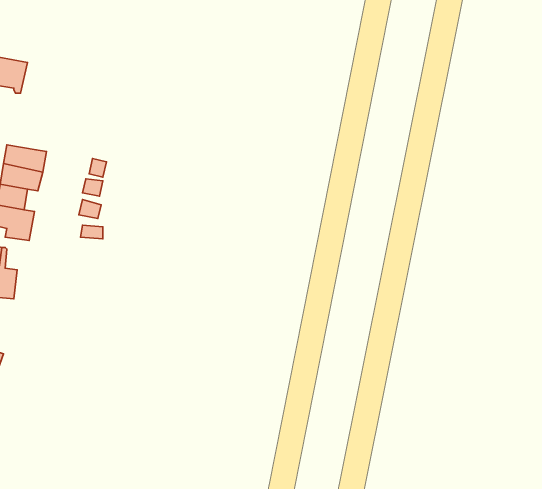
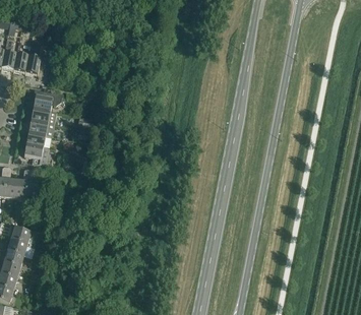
building: none -> [32,87,61,110]

